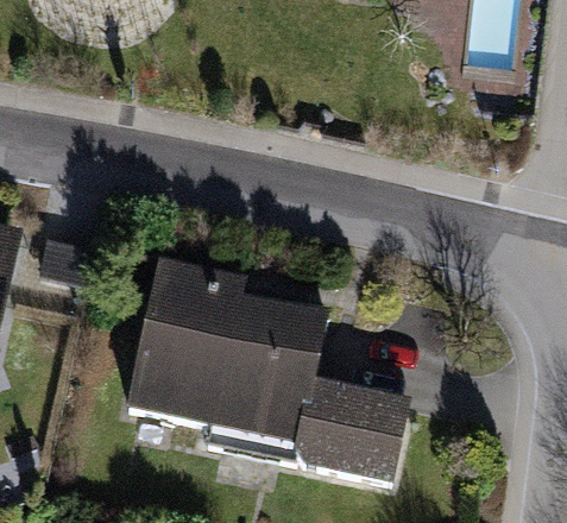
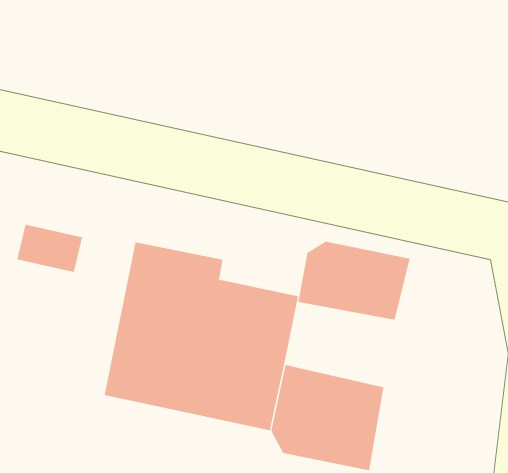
building: none -> [298,241,410,321]

